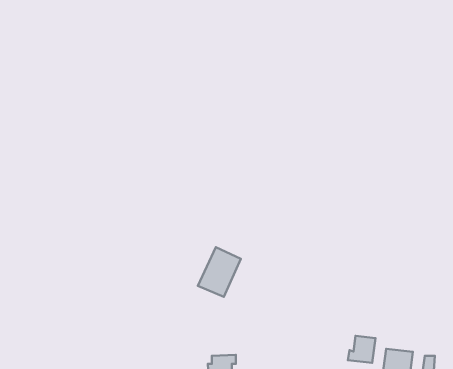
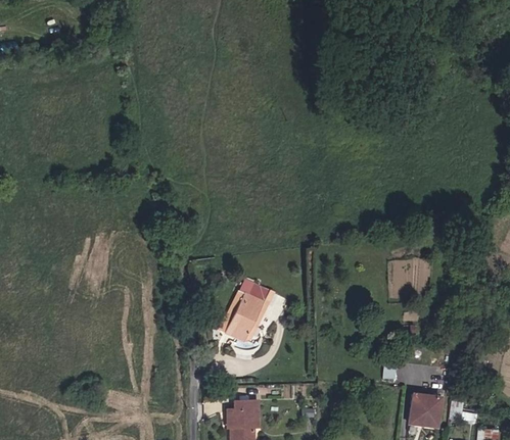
building: none -> [239,280,274,344]
building: [348,336,376,363] -> none

